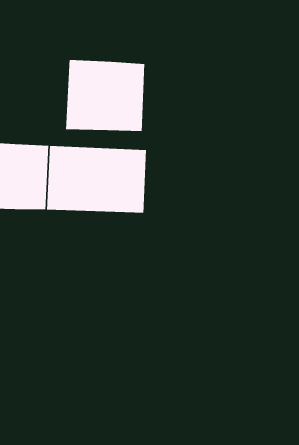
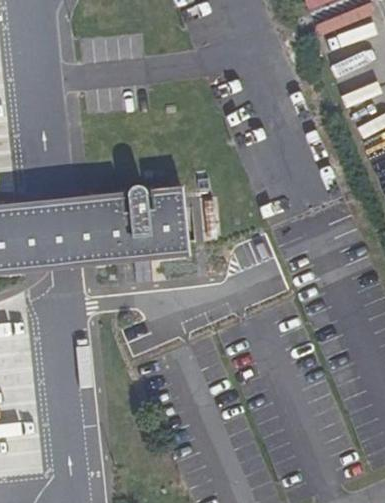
building: [65,59,145,132] -> none

